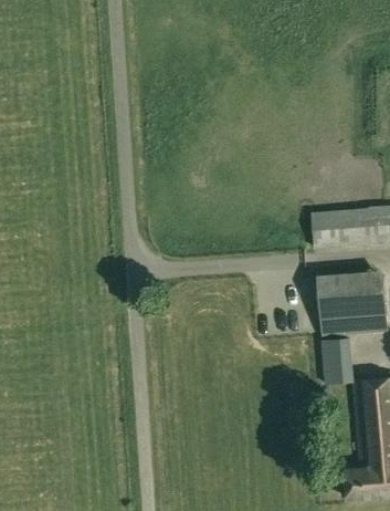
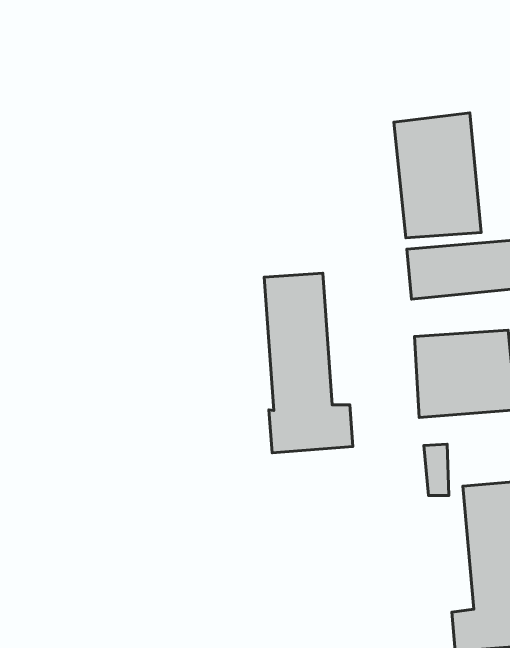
building: none -> [394,113,481,238]
building: none -> [264,273,353,453]

